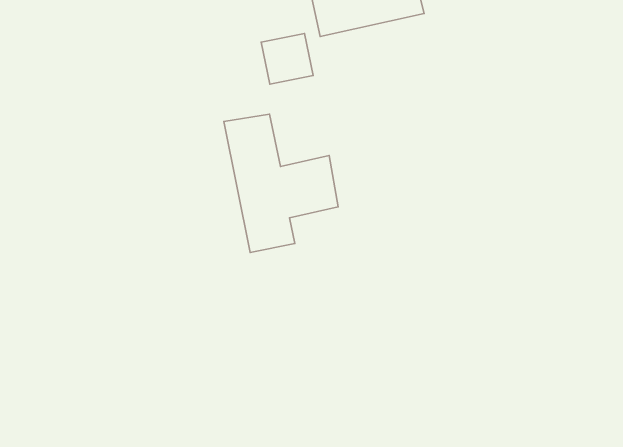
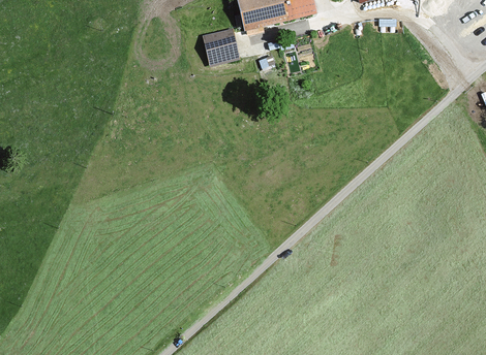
building: [224,114,338,253] -> none

